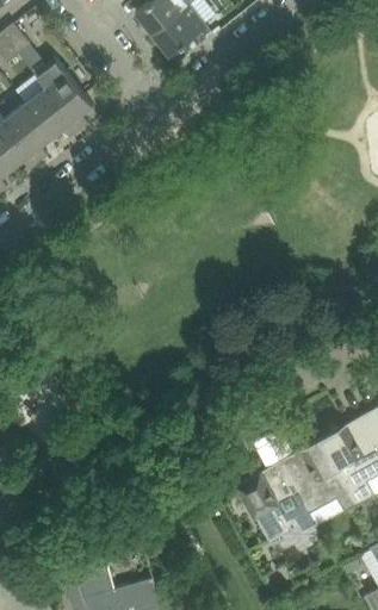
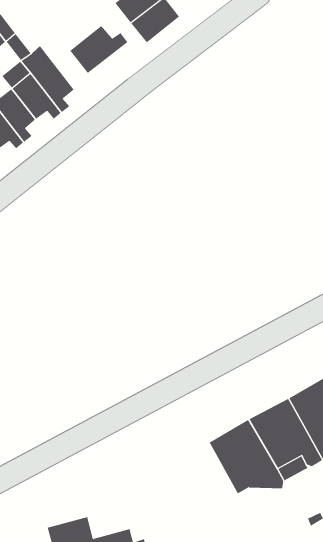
building: none -> [70,25,128,74]

